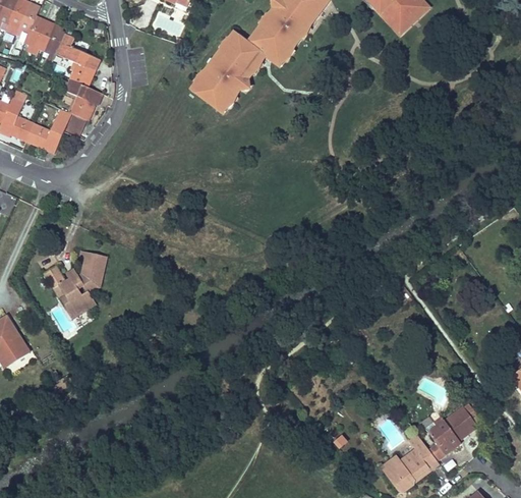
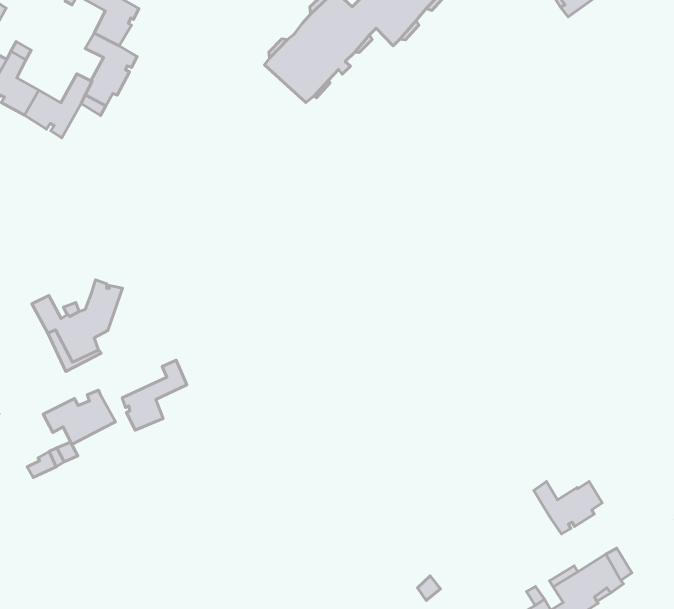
building: none -> [122,360,187,430]
building: none -> [43,390,115,445]
building: none -> [534,482,602,534]

